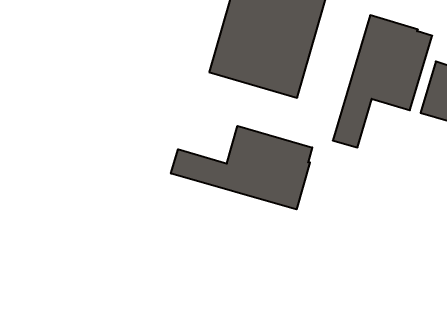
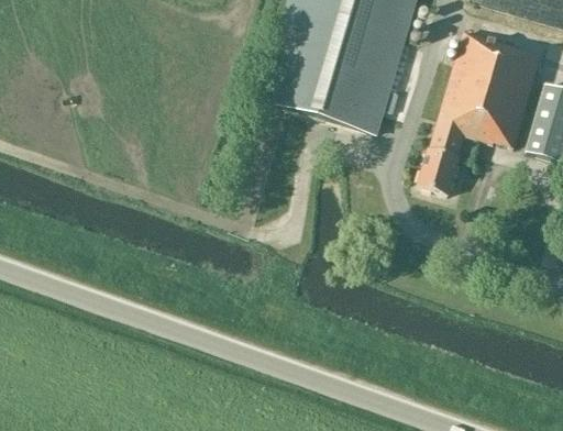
building: [171,126,312,209] -> none

